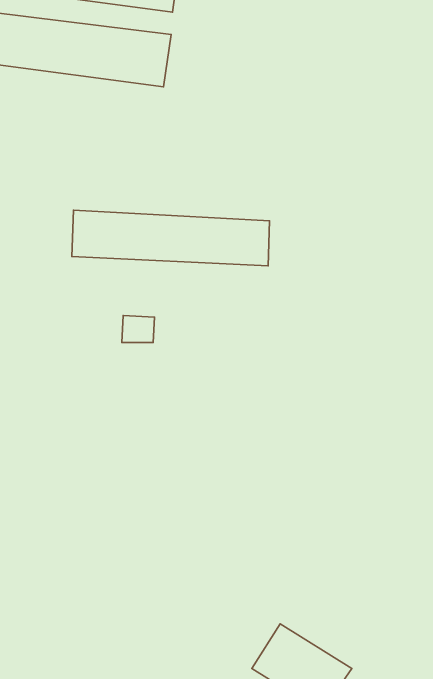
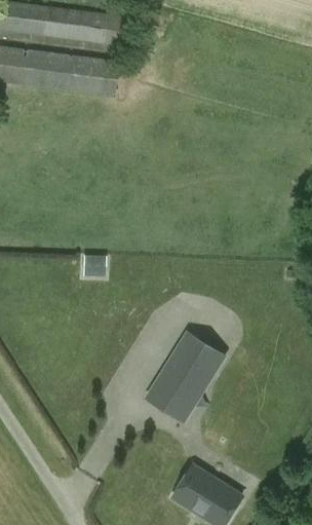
building: [72,210,270,266] -> none
building: none -> [148,333,224,420]

